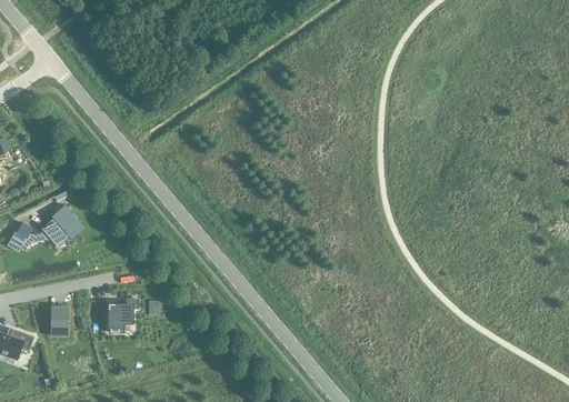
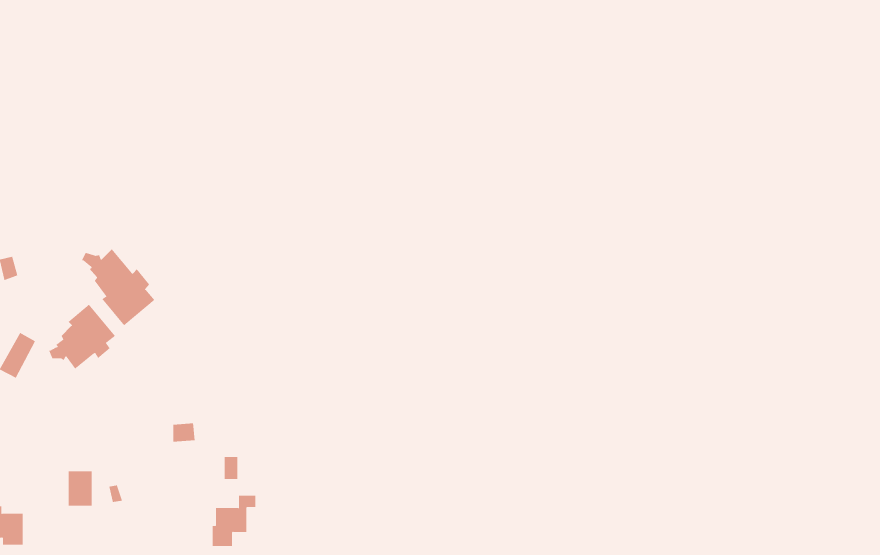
building: none -> [81,248,155,326]
building: [109,298,137,330] -> [212,495,256,547]

